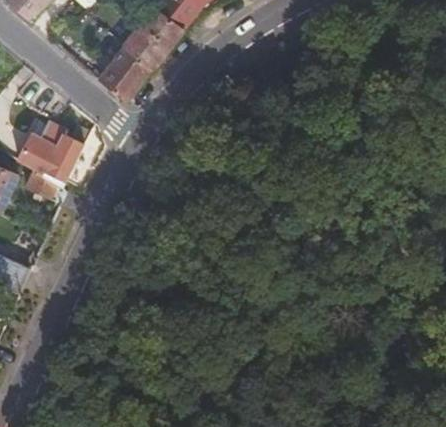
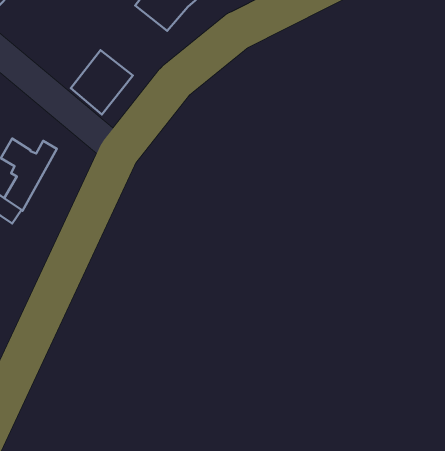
building: [126,7,184,68] -> none

